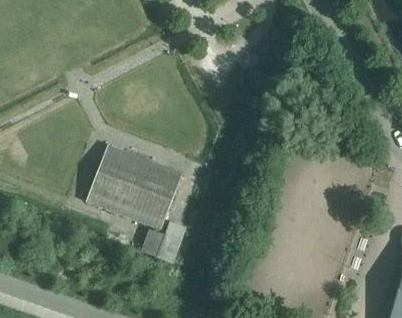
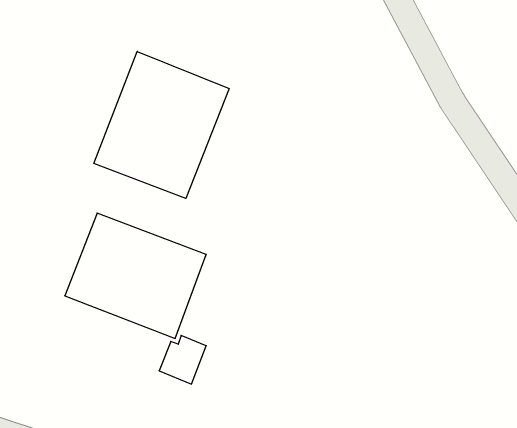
building: none -> [94,51,229,198]

